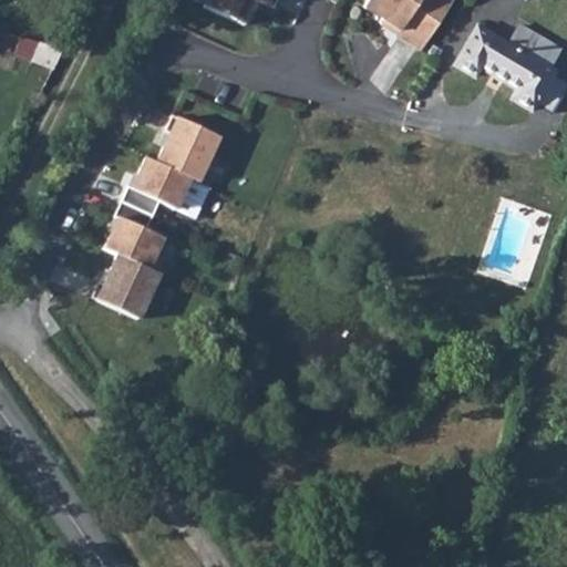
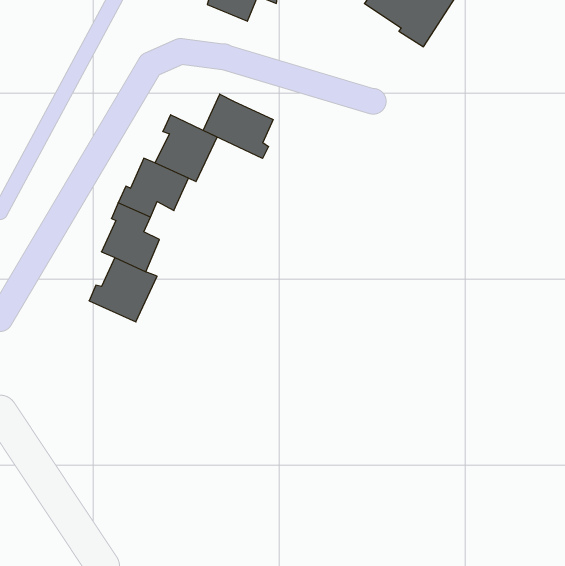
building: [458,23,561,107] -> none
building: none -> [203,94,273,158]

